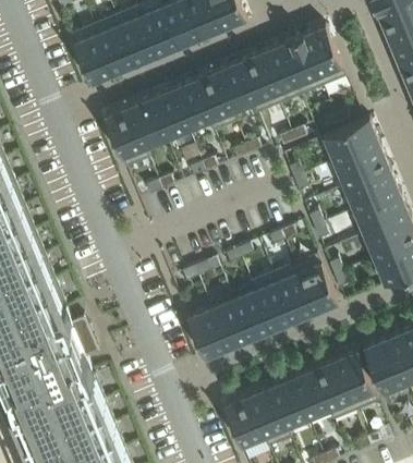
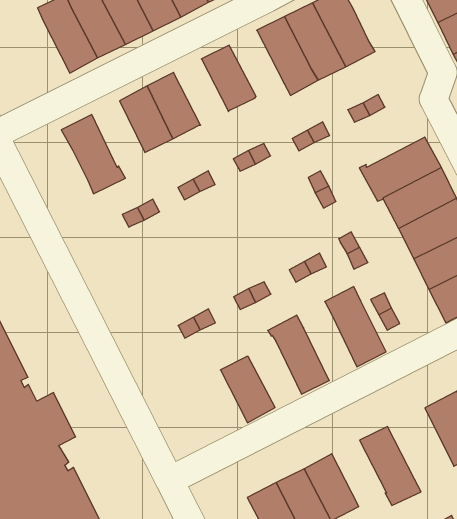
building: [69,26,113,87] -> none
building: [235,56,279,115] -> none
building: [192,74,236,134] -> none
building: [127,101,166,151] -> none
building: [323,121,378,166] -> none
building: [271,265,314,325] -> none
building: [229,288,270,342] -> none
building: [187,310,228,361] -> none
building: [333,353,378,414] -> none
building: [290,371,329,422] -> none

